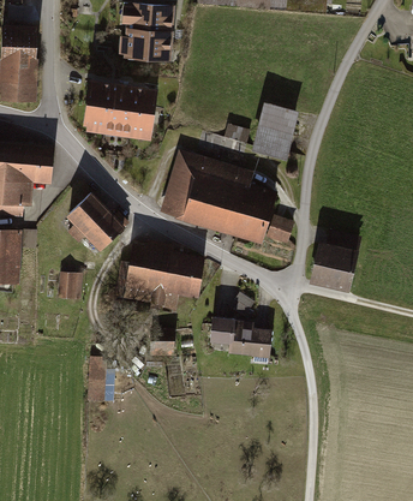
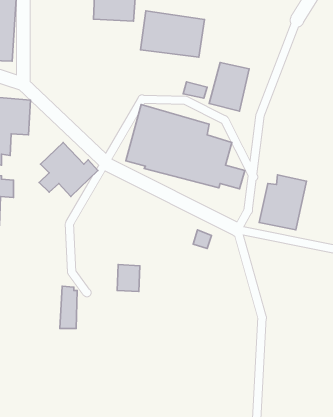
building: [83,80,154,132] -> [140,11,204,57]
building: [114,241,205,315] -> none
building: [56,272,82,300] -> none
building: [210,316,271,359] -> none

